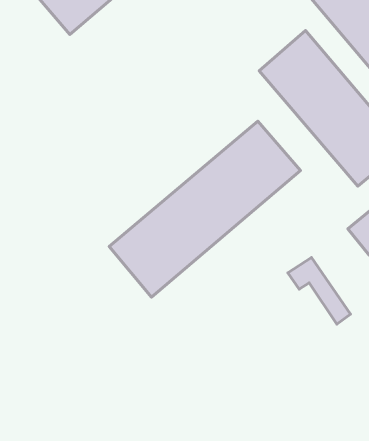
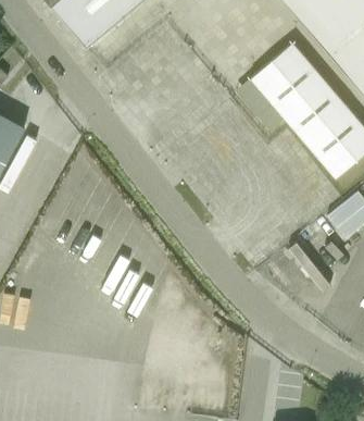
building: [109,121,301,297] -> none

